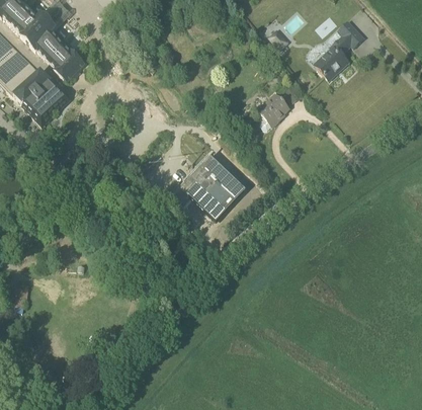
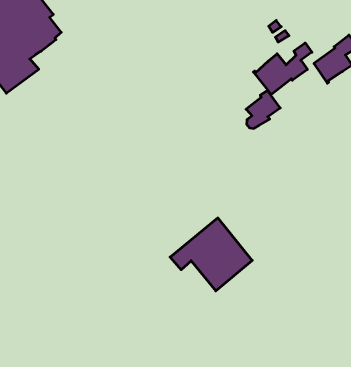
building: none -> [253,43,312,94]
building: [172,155,246,221] -> [170,218,252,291]

